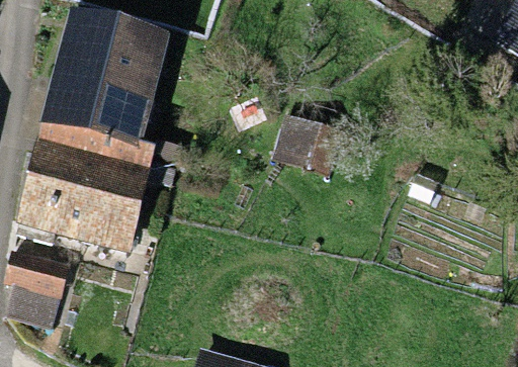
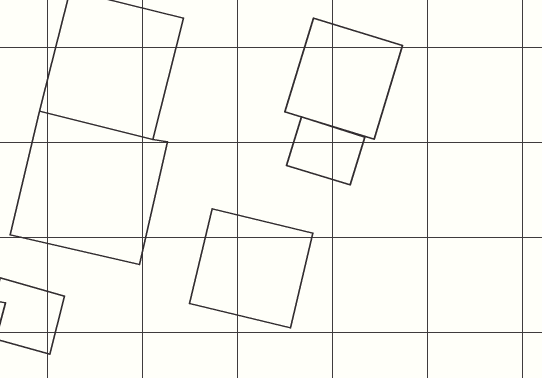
building: none -> [285,18,403,139]
building: none -> [190,209,313,328]

